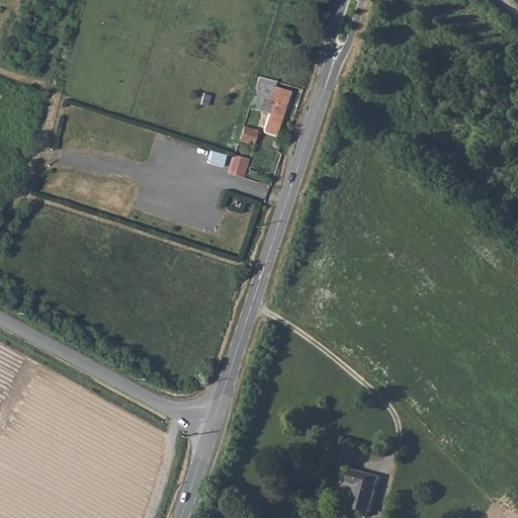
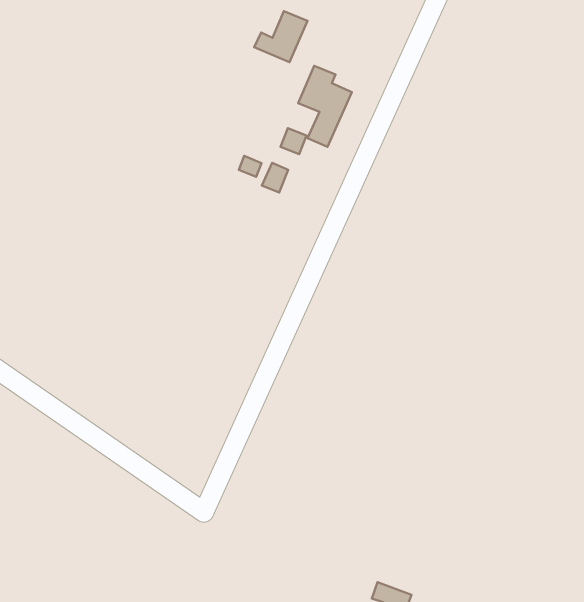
building: none -> [254,11,308,62]

